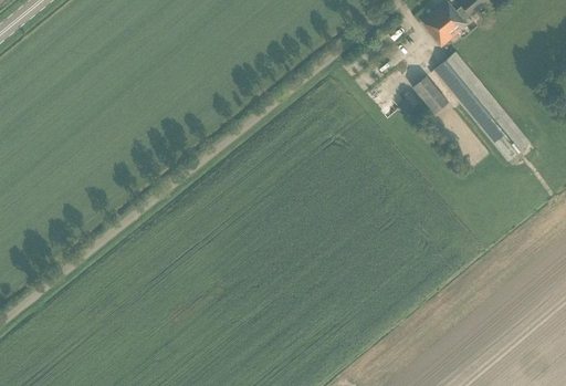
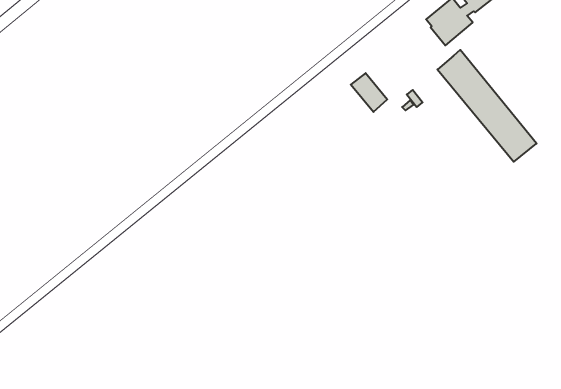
building: [412,76,448,114] -> [351,73,387,112]

